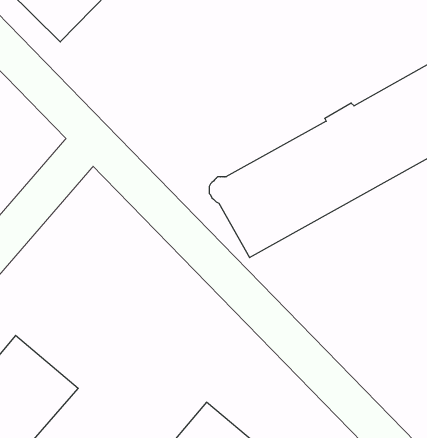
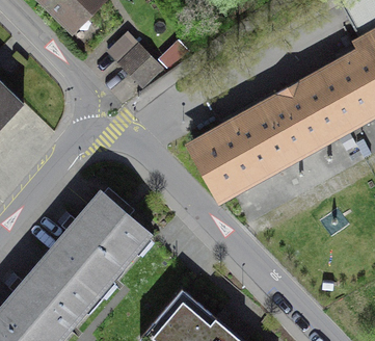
building: none -> [101,25,159,85]
building: none -> [46,194,145,295]

